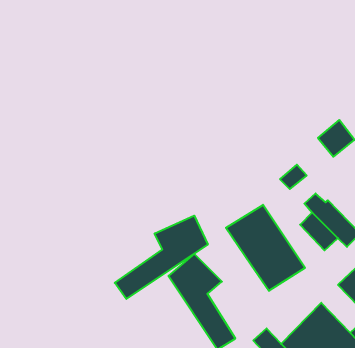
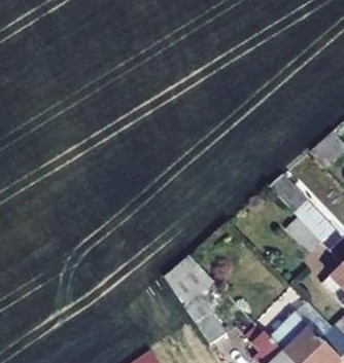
building: [226,205,305,291] -> none
building: [115,216,208,299] -> none

